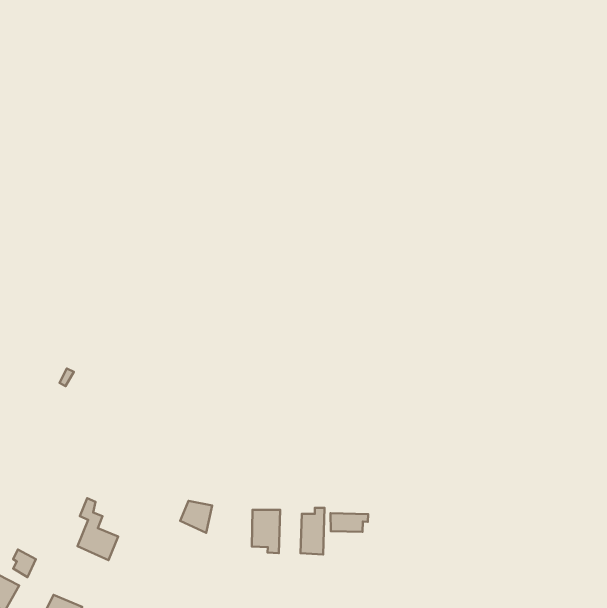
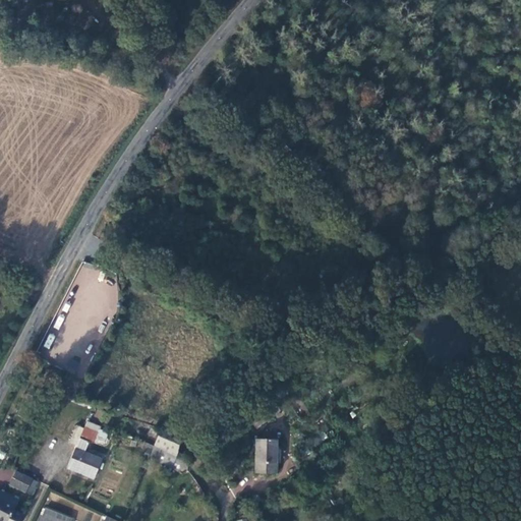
building: [252,510,280,553] -> none
building: [331,513,368,532] -> none

